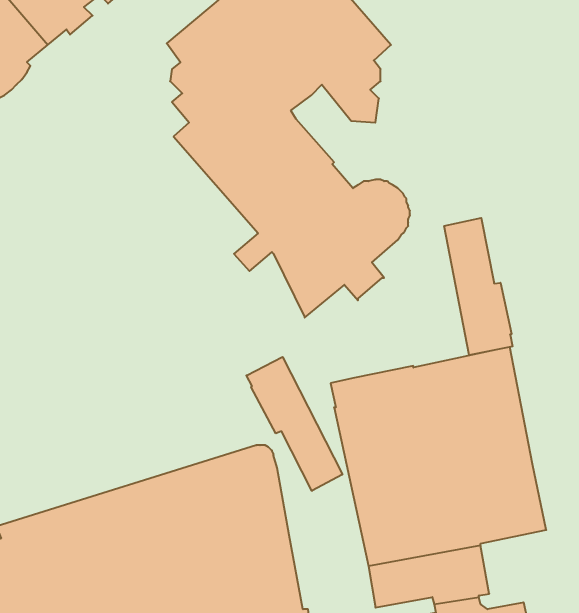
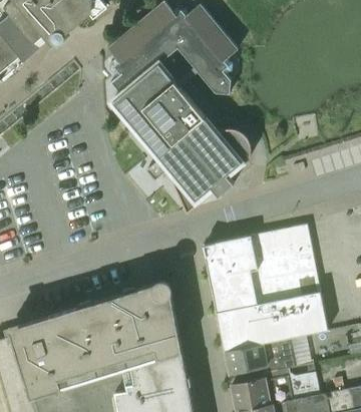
building: [444,218,513,355] -> none
building: [246,357,342,491] -> none

